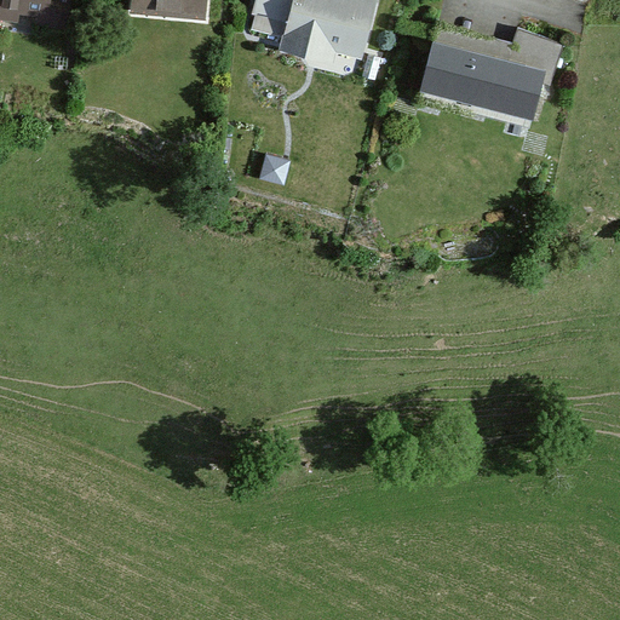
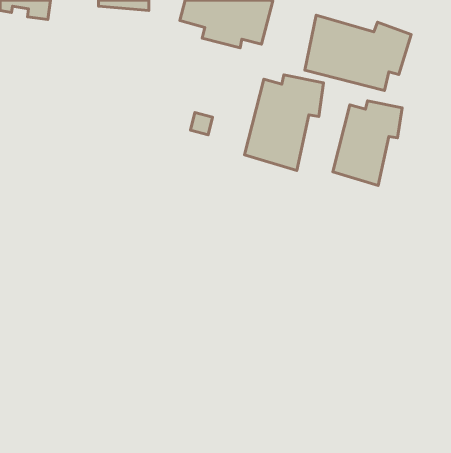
building: none -> [244,75,324,170]
building: none -> [333,101,402,186]

